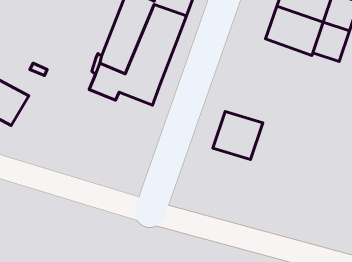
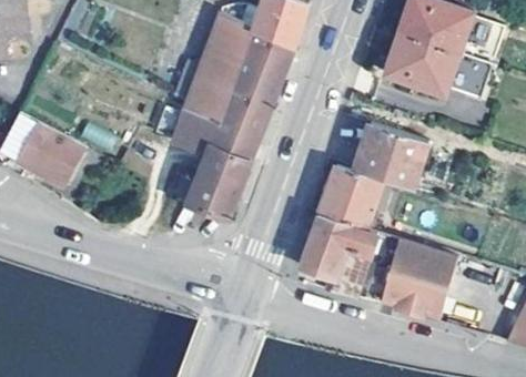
building: none -> [354,121,428,187]
building: none -> [179,141,242,214]
building: none -> [301,212,378,297]
building: none -> [382,237,459,317]

